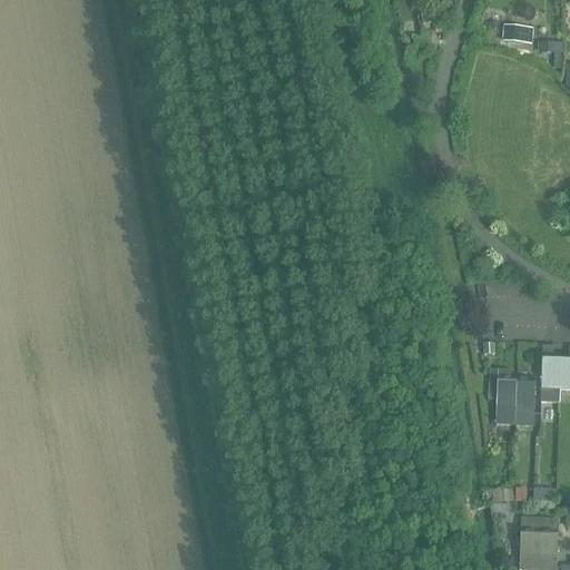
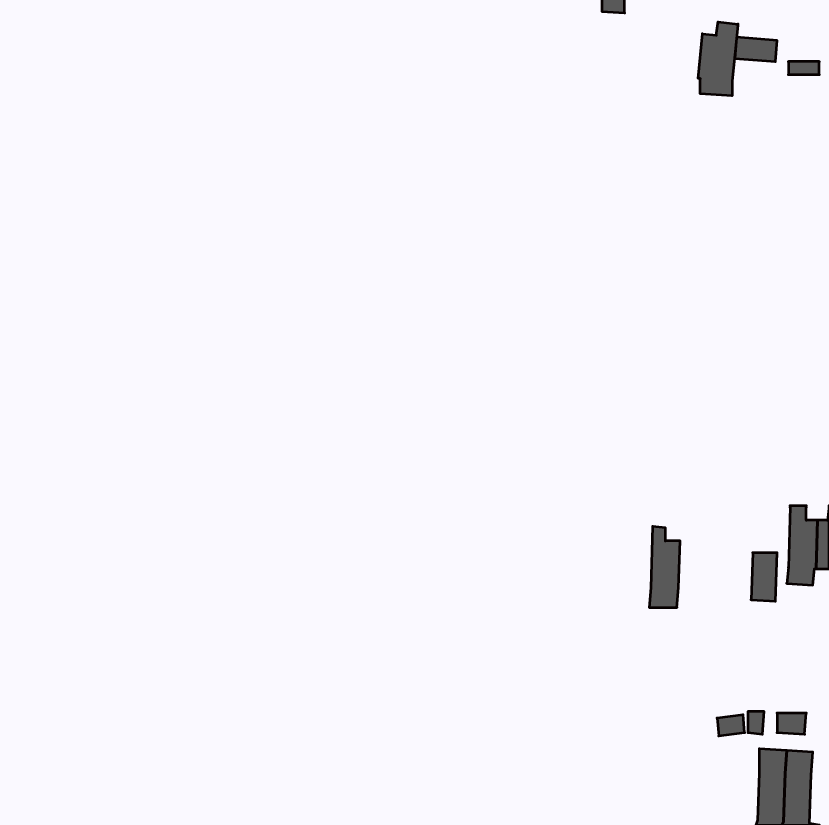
building: none -> [698,22,738,96]
building: [495,370,517,425] -> [649,526,680,607]

